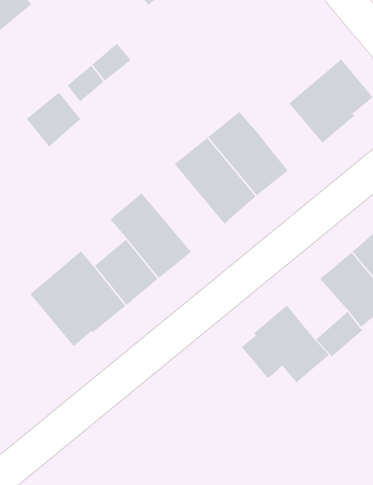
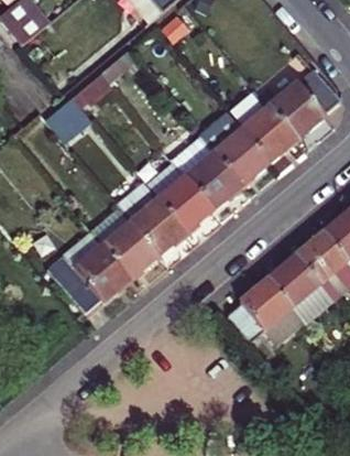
building: none -> [241,105,297,162]
building: none -> [143,156,214,231]
building: none -> [267,254,319,306]

